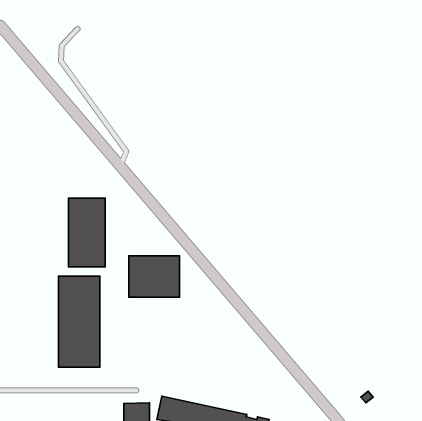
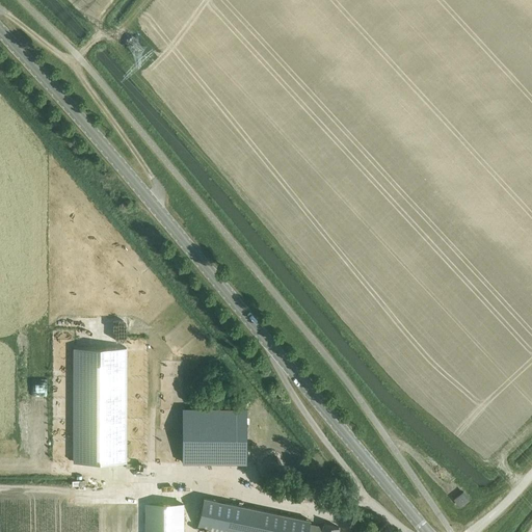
building: [68,198,105,267] -> none
building: [129,256,179,297] -> [183,413,246,464]

